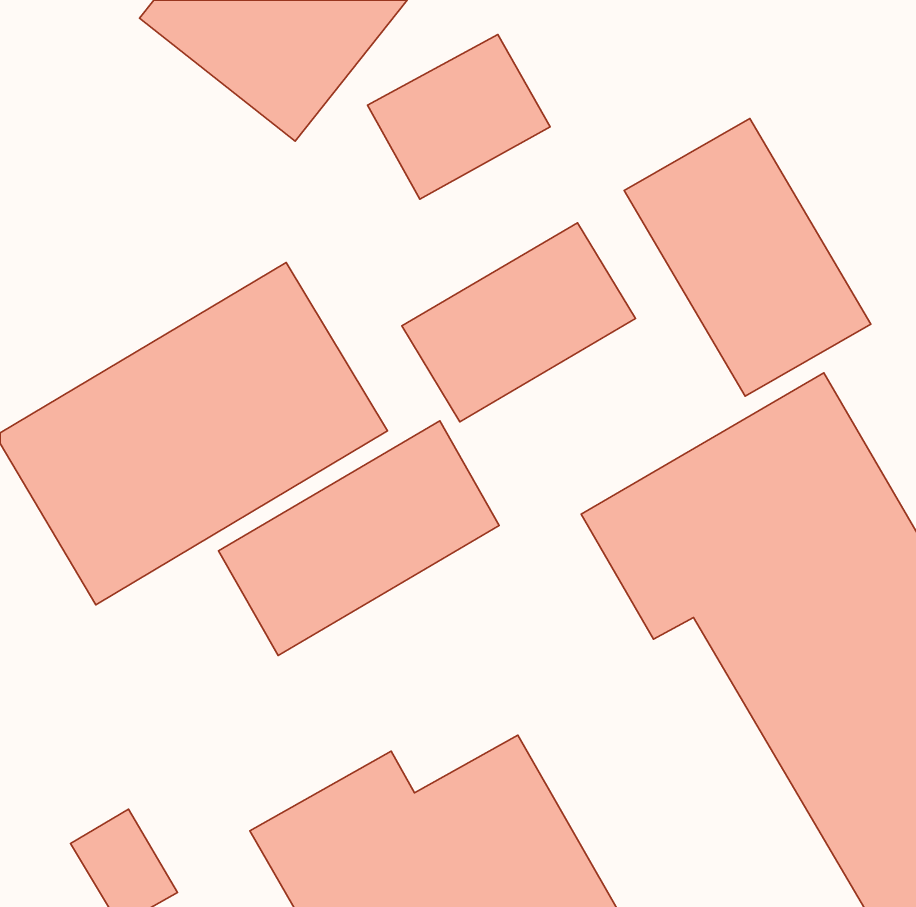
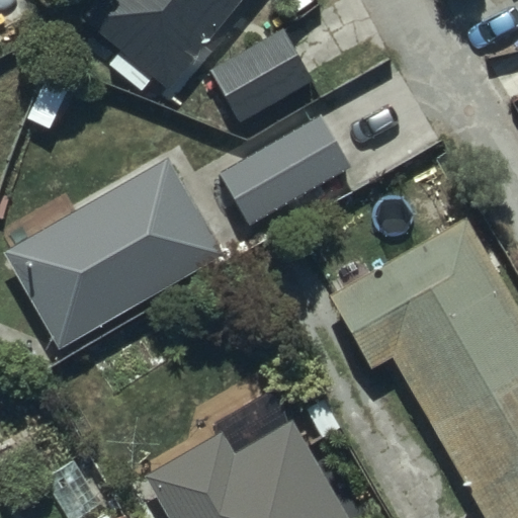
building: [624,118,871,396] -> none
building: [219,421,499,655] -> none

